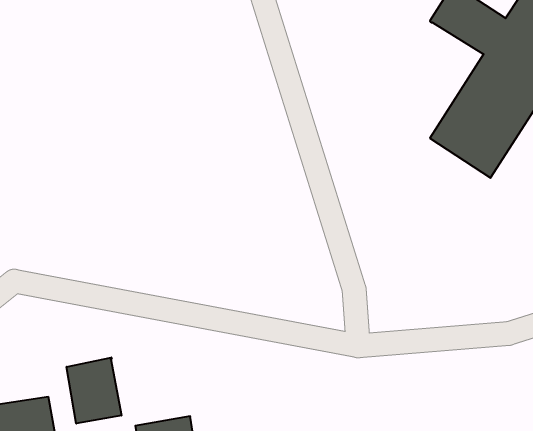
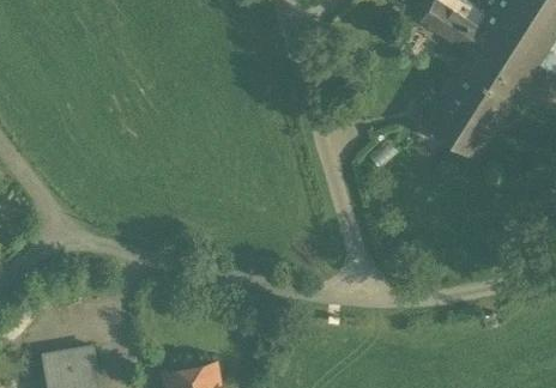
building: [67,357,121,424] -> none

